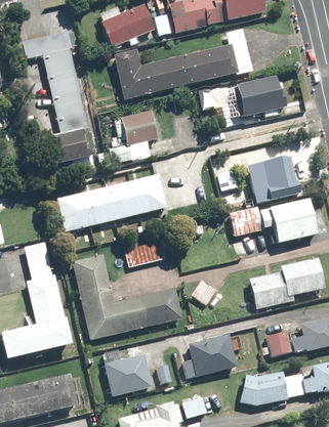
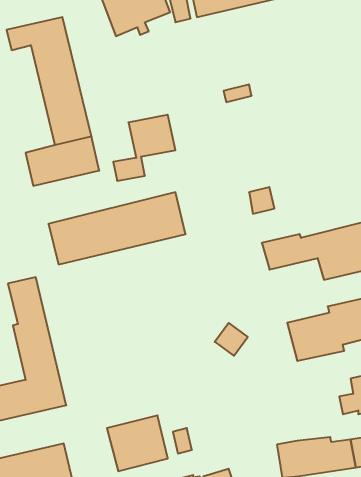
building: [114,28,252,99] -> none
building: [220,74,287,119] -> none
building: [247,154,301,203] -> none
building: [124,241,166,266] -> none
building: [72,255,181,338] -> none
building: [266,332,292,356] -> none
building: [183,335,238,378] -> none

